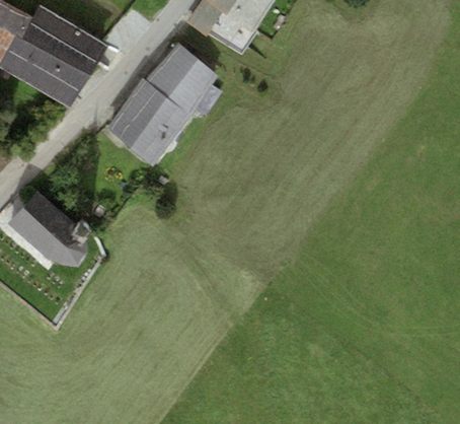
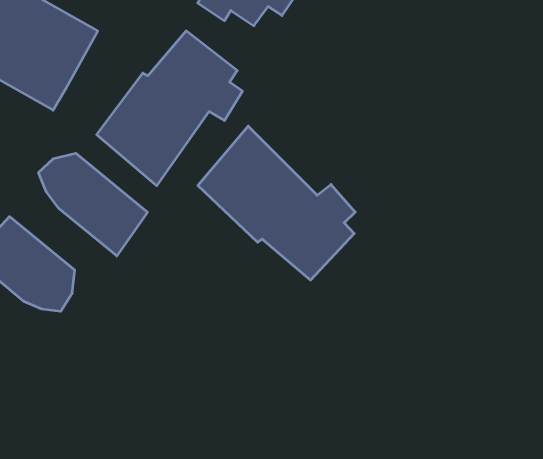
building: none -> [198,126,355,280]
building: none -> [39,153,147,256]

